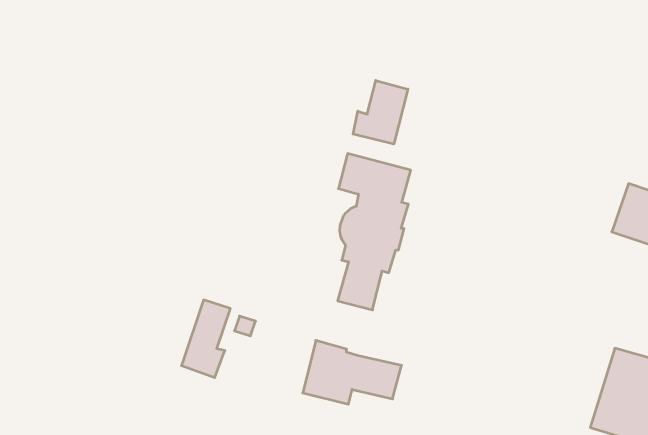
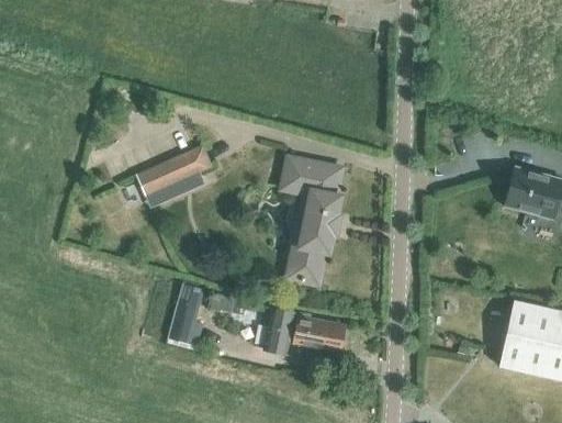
building: [353,80,408,144] -> none
building: none -> [137,146,210,194]

